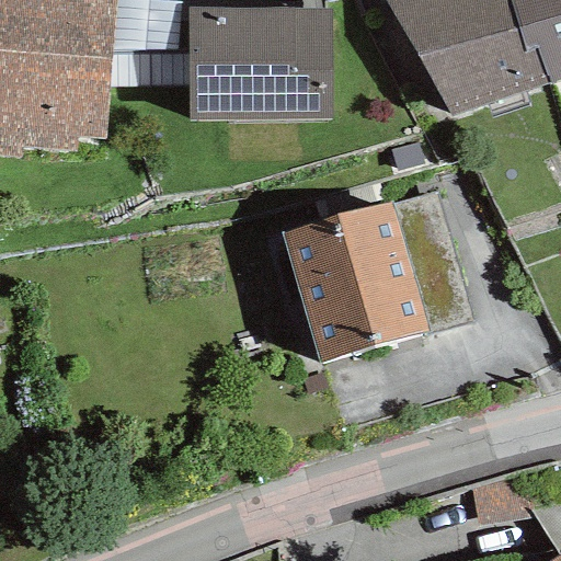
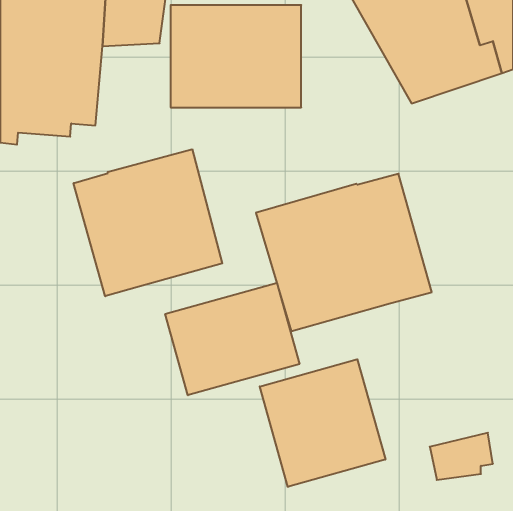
building: none -> [74,149,222,296]
building: none -> [165,283,299,395]
building: none -> [260,359,385,487]

